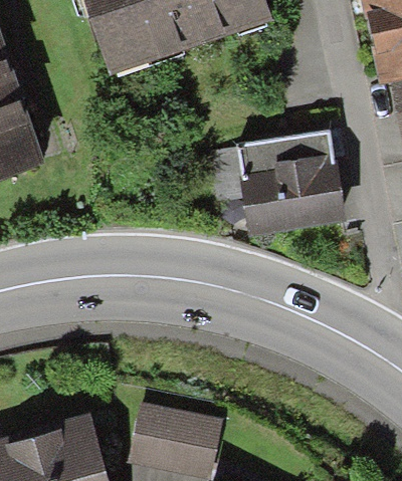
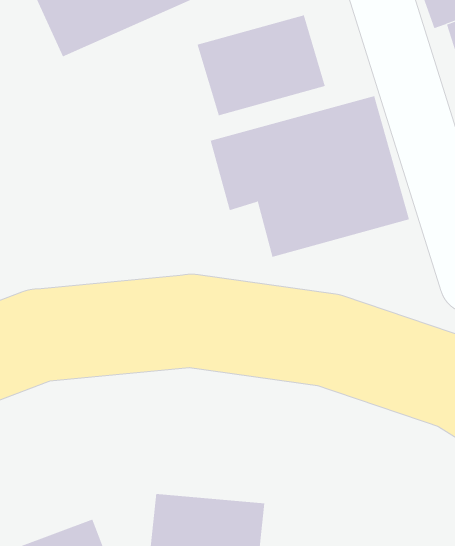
building: none -> [197,15,326,116]

